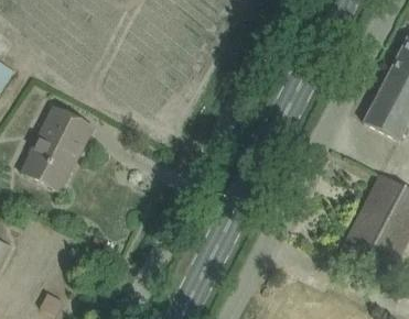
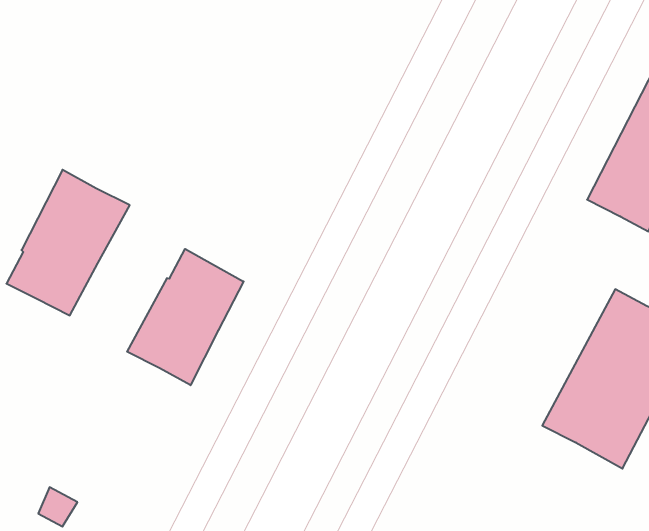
building: none -> [127,249,244,385]

